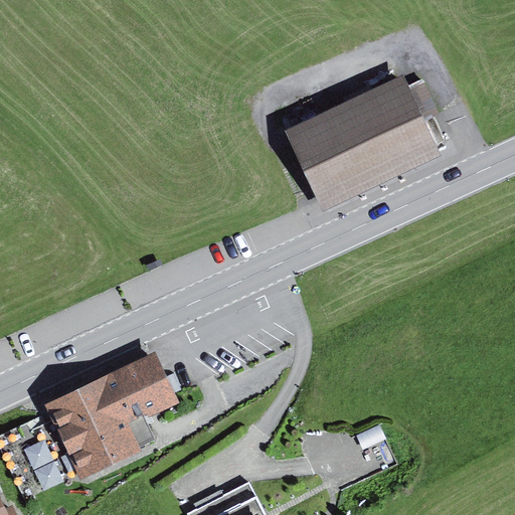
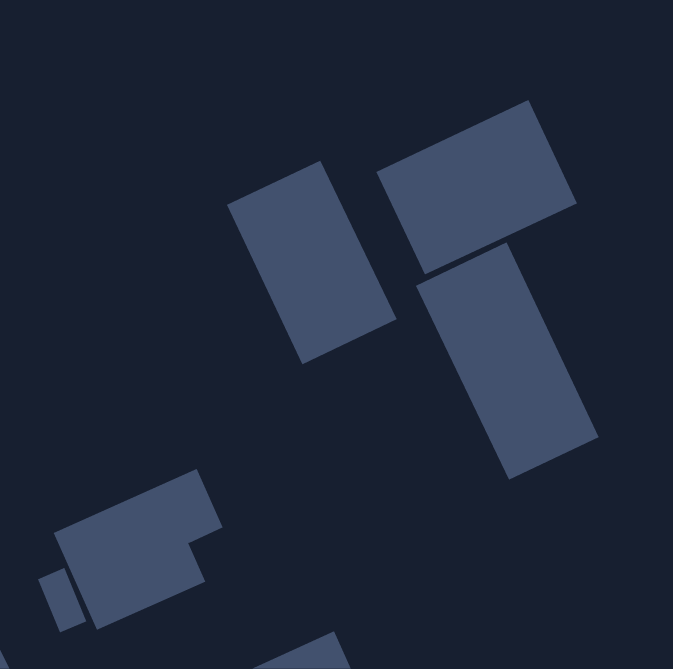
building: none -> [226,160,397,365]
building: none -> [415,241,600,480]

